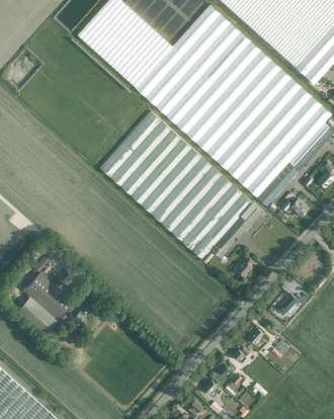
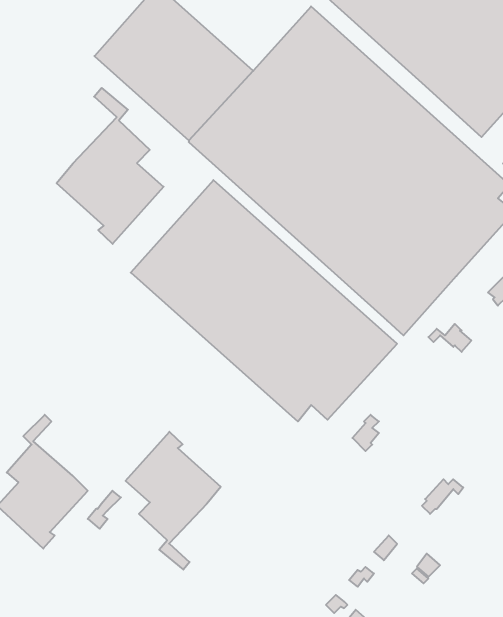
building: none -> [57,88,164,244]
building: none -> [126,432,221,570]

